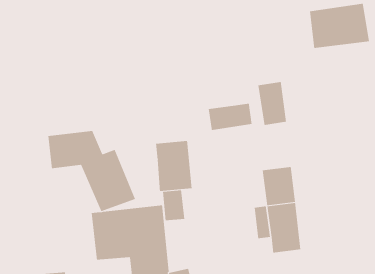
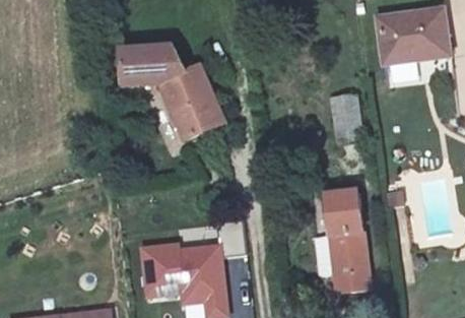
building: [208,103,252,131] -> none
building: [47,130,136,212] -> [119,43,219,135]
building: [156,140,192,192] -> none

